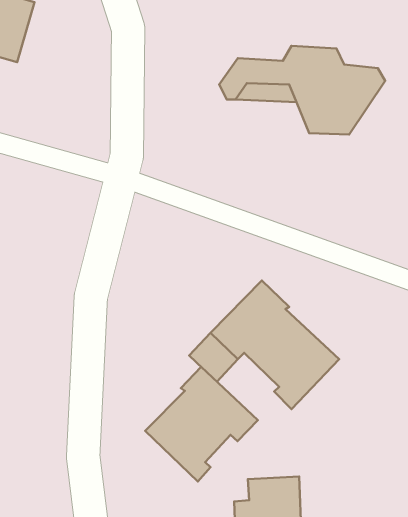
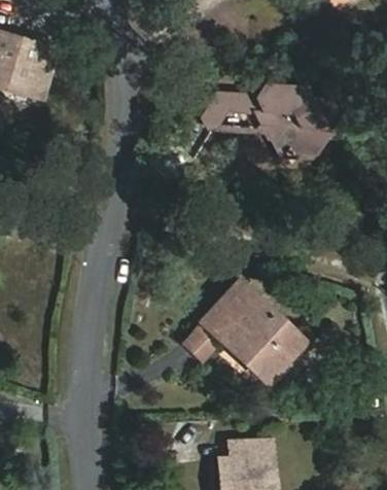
building: [145,367,258,481] -> none

